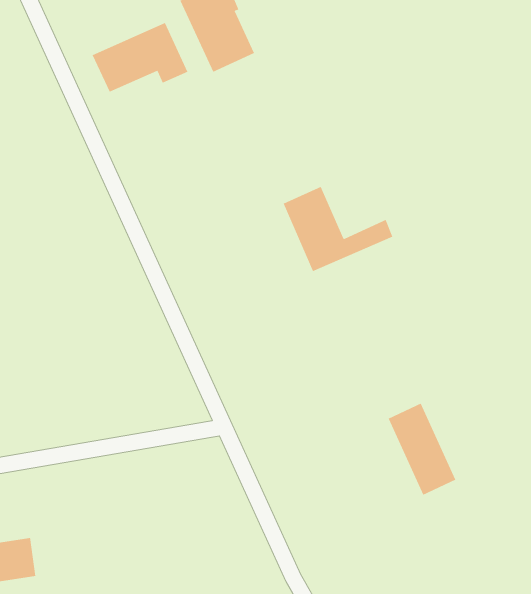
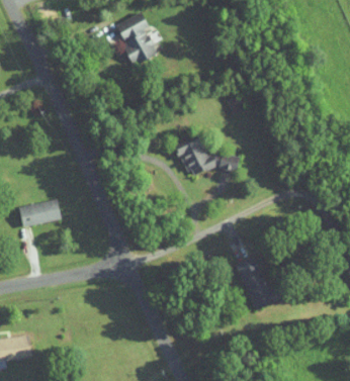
building: [92,22,188,93] -> none
building: none -> [18,199,61,227]

